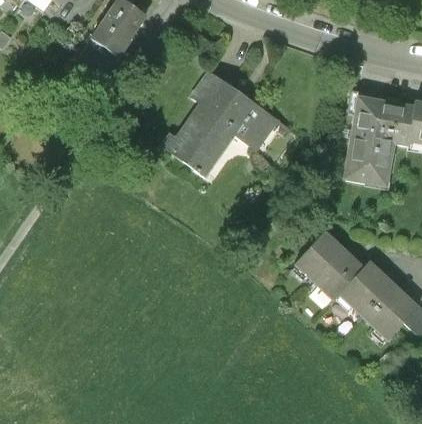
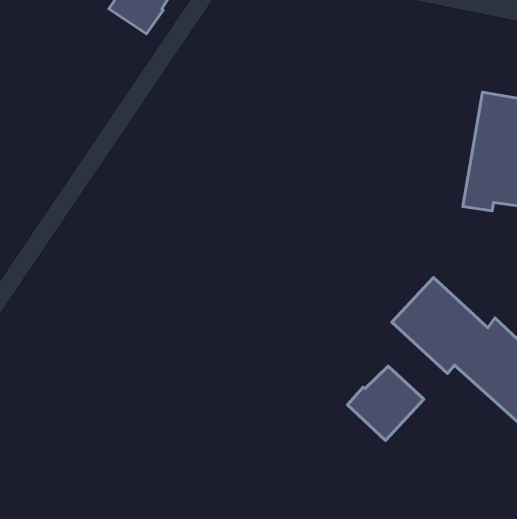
building: [163,71,273,169] -> none
building: none -> [348,366,424,441]

